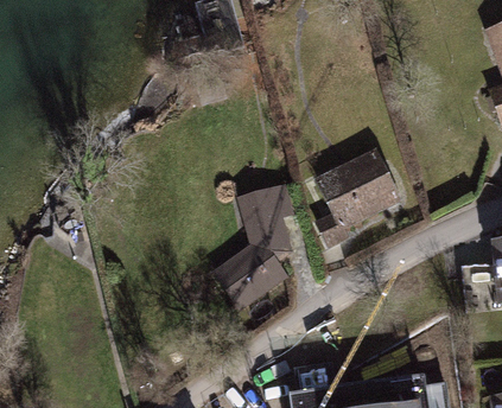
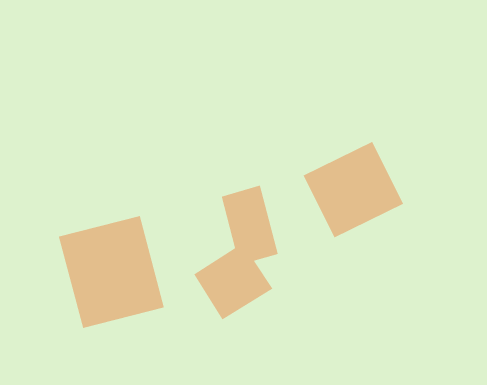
building: none -> [58,215,165,329]

